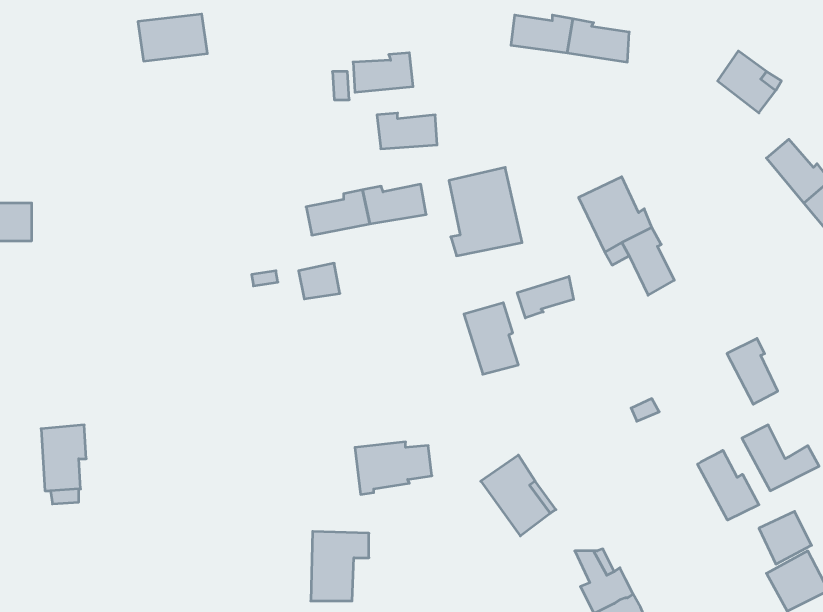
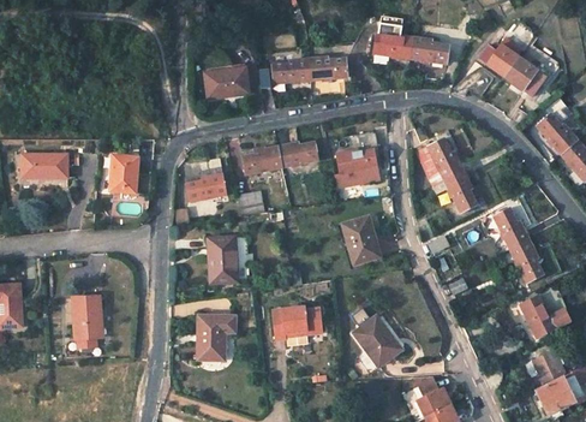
building: [138,14,207,61] -> [203,67,247,97]
building: none -> [478,37,521,76]
building: [377,113,437,149] -> [307,57,346,79]
building: none -> [109,155,137,192]
building: none -> [184,156,225,201]
building: [517,276,574,318] -> none
building: none -> [492,207,530,250]
building: none -> [209,237,244,283]
building: [698,450,759,520] -> none
building: [311,531,369,601] -> [197,315,234,359]

